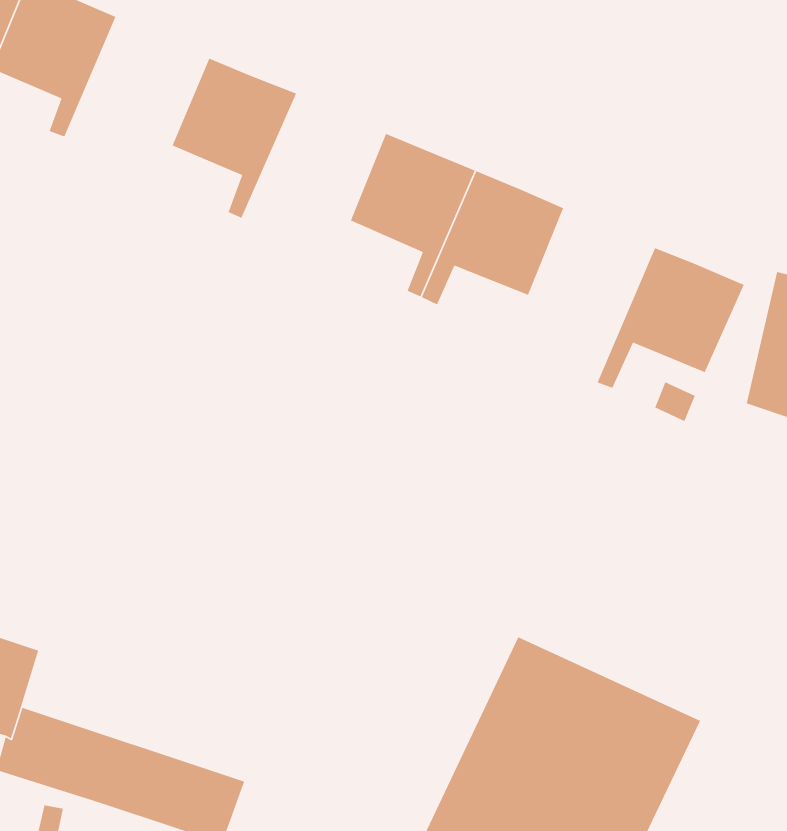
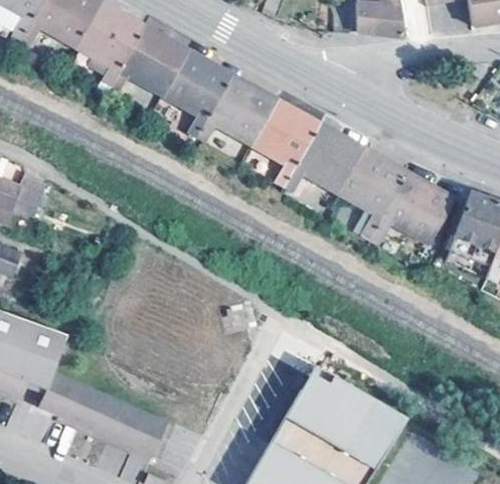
building: none -> [111,25,189,95]
building: none -> [197,74,276,143]
building: none -> [340,148,407,239]

